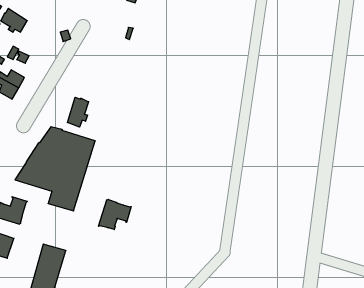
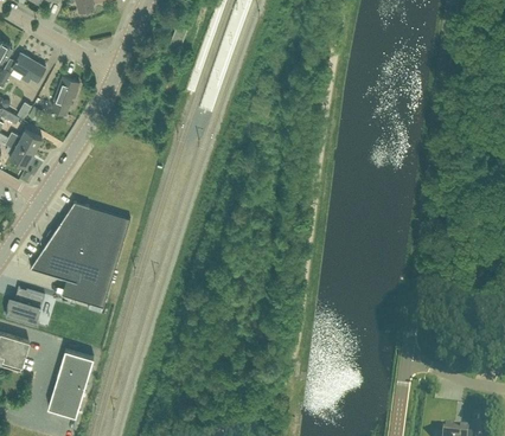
building: none -> [52,76,79,114]
building: [67,97,89,127] -> none
building: [99,199,131,230] -> none

